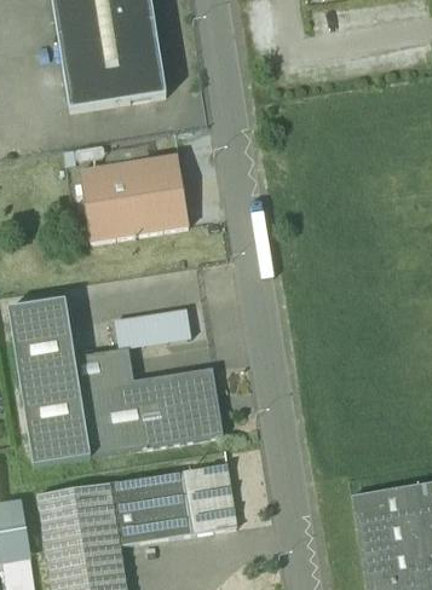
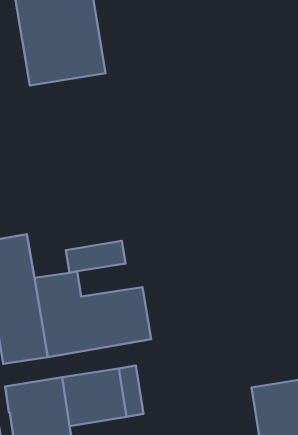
building: [77,154,189,242] -> none
building: [205,464,236,530] -> none

